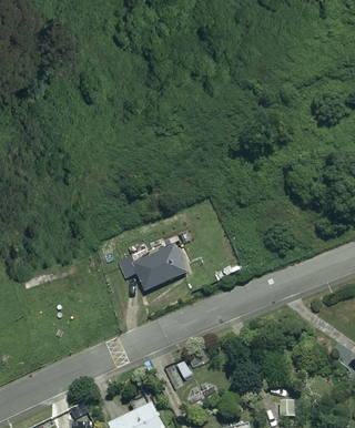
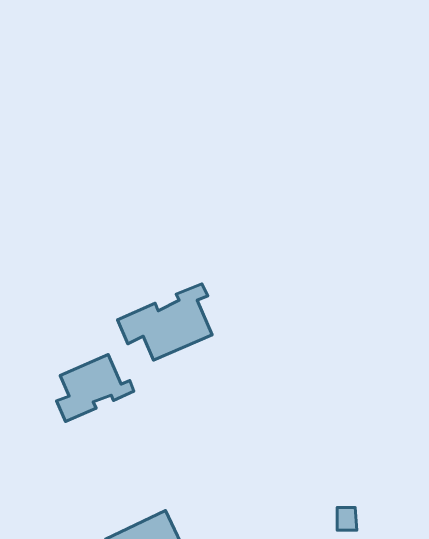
building: none -> [56,355,134,421]

